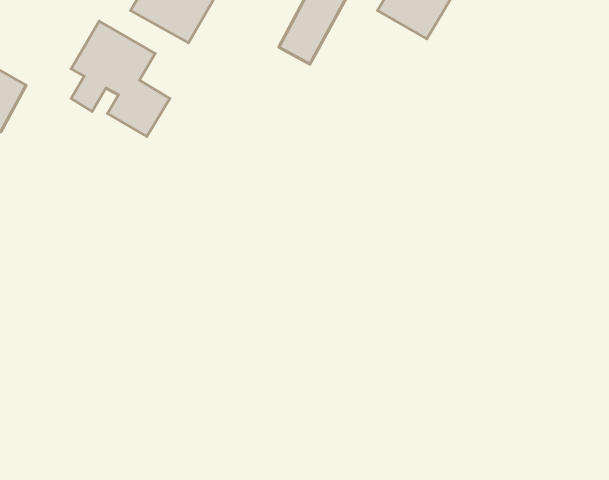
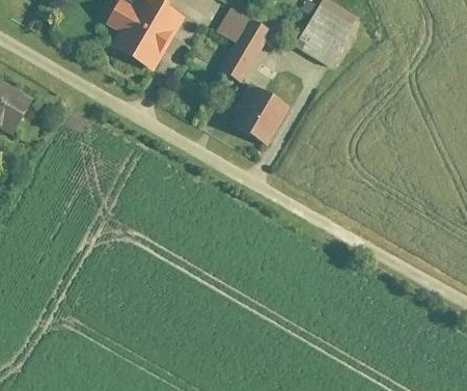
building: [71,21,170,137] -> none
building: none -> [232,81,294,140]

